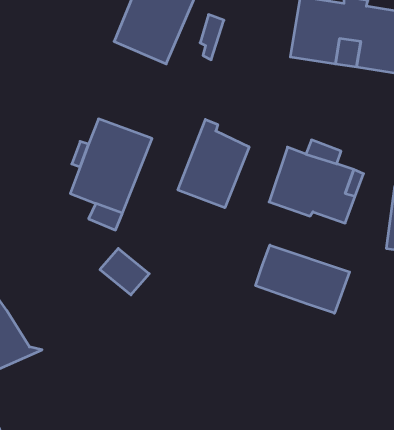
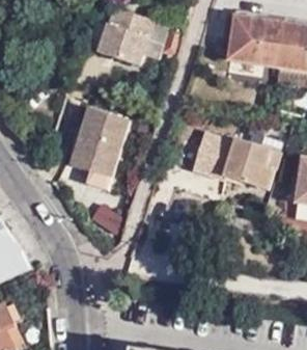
building: [178,119,249,208] -> none
building: [256,245,350,313] -> none

